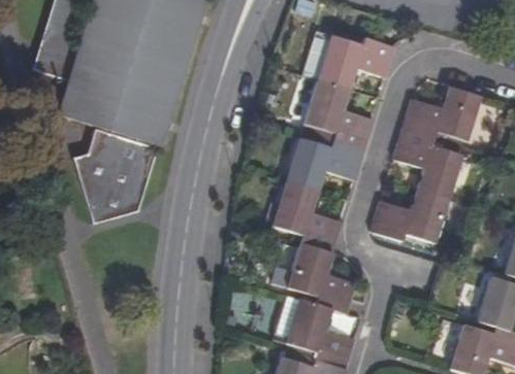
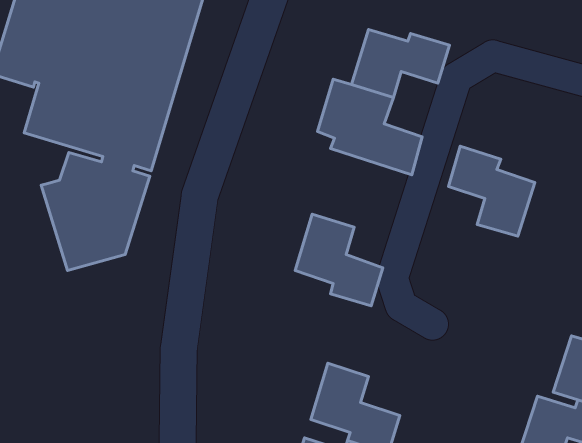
building: [404,86,481,140] -> none
building: [287,129,365,191] -> none
building: [372,189,449,242] -> none
building: [273,243,356,313] -> none

